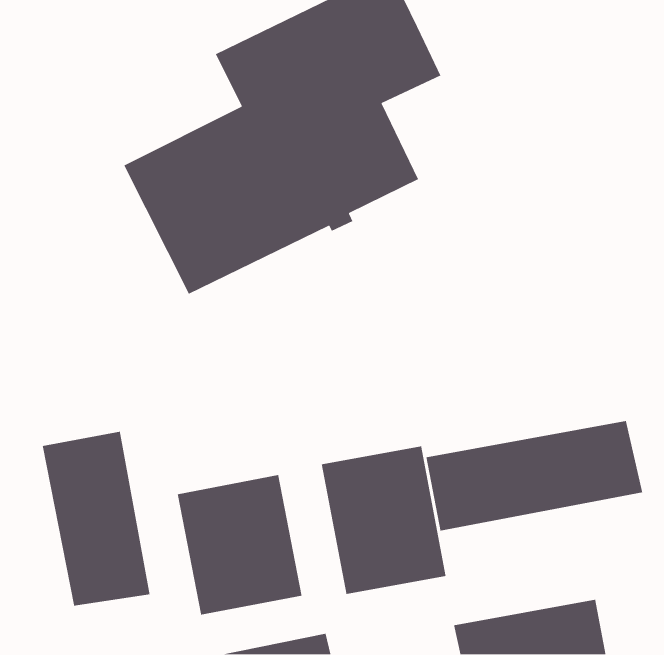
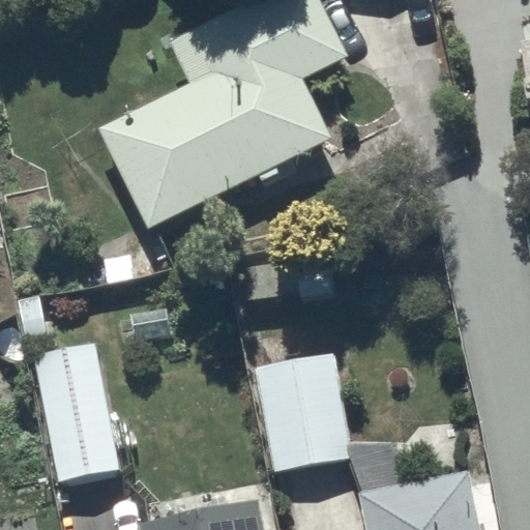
building: [426,420,643,531] -> none
building: [177,474,303,616] -> none

